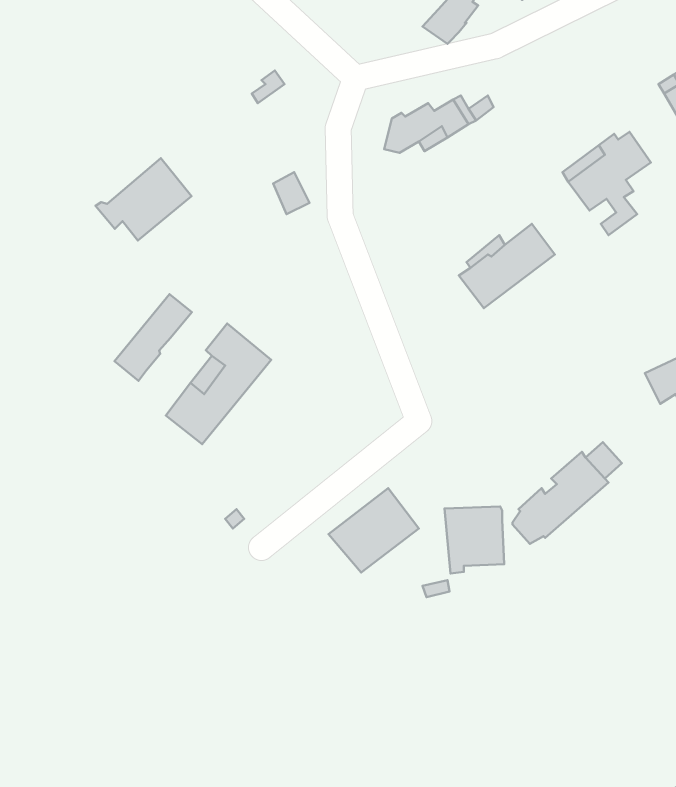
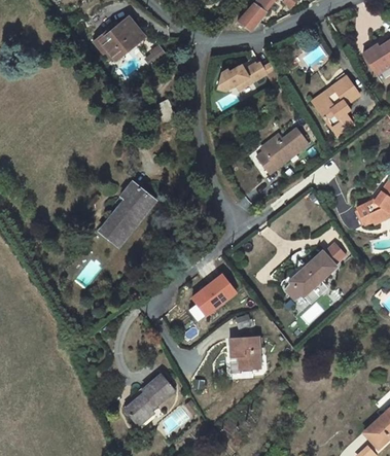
building: [96,158,191,240] -> [93,15,144,60]
building: [115,294,192,381] -> none
building: [445,507,504,574] -> [228,337,260,373]
building: none -> [126,375,174,423]

